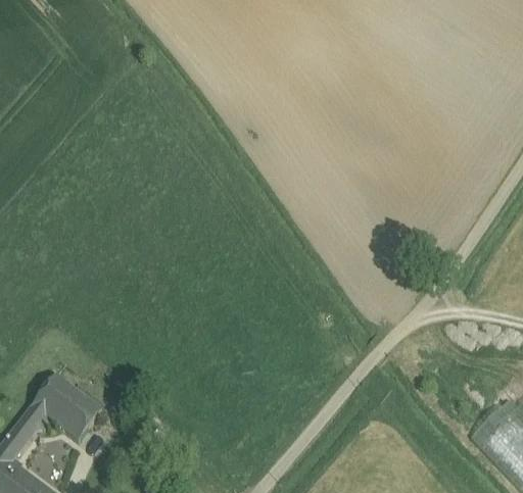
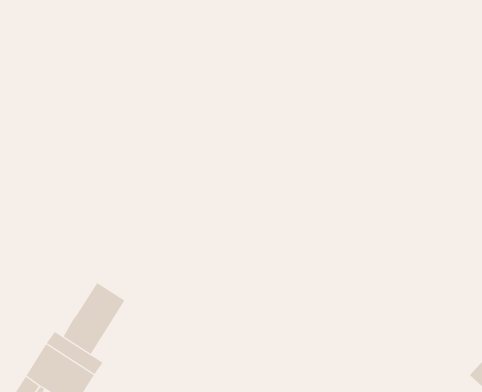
building: none -> [63,282,125,355]

